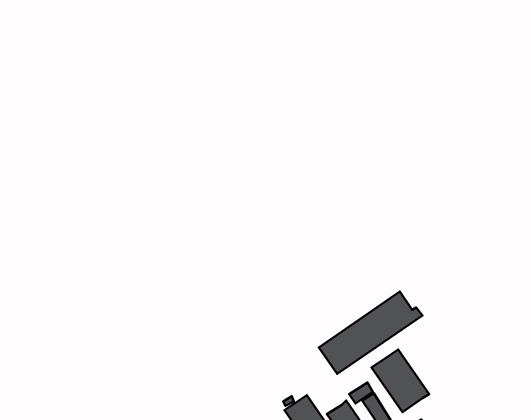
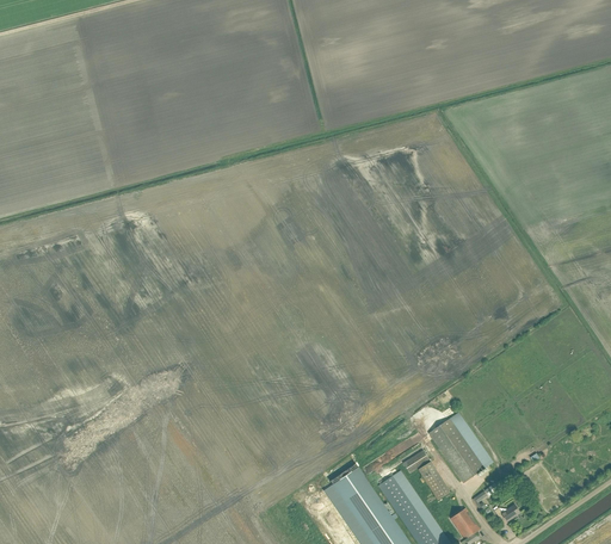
building: [319,292,423,374] -> none

